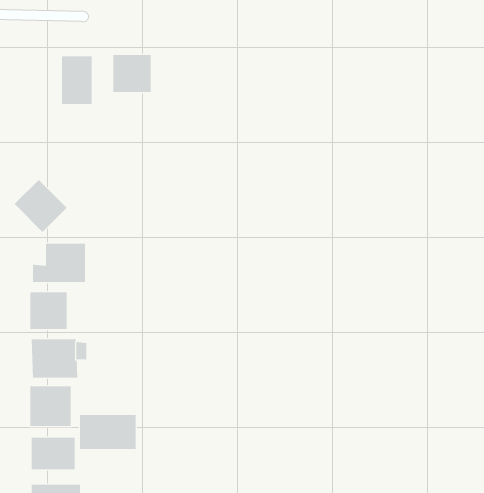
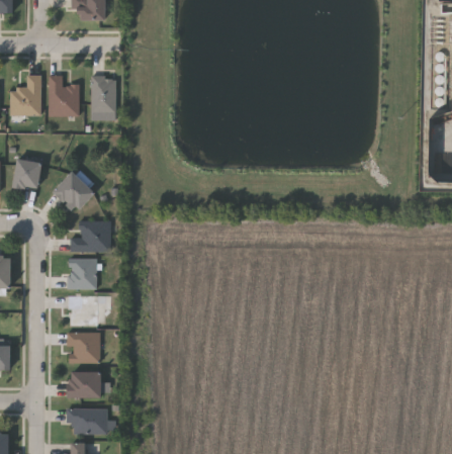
building: [113,54,151,93] -> none
building: none -> [49,76,79,116]
building: [79,414,136,450] -> none

